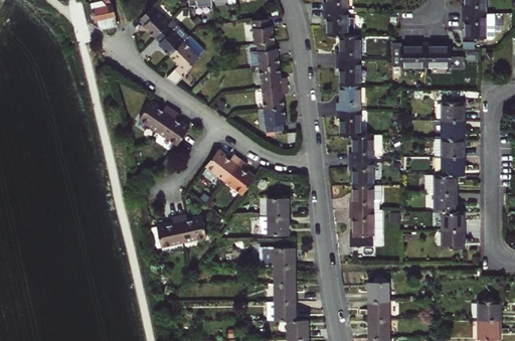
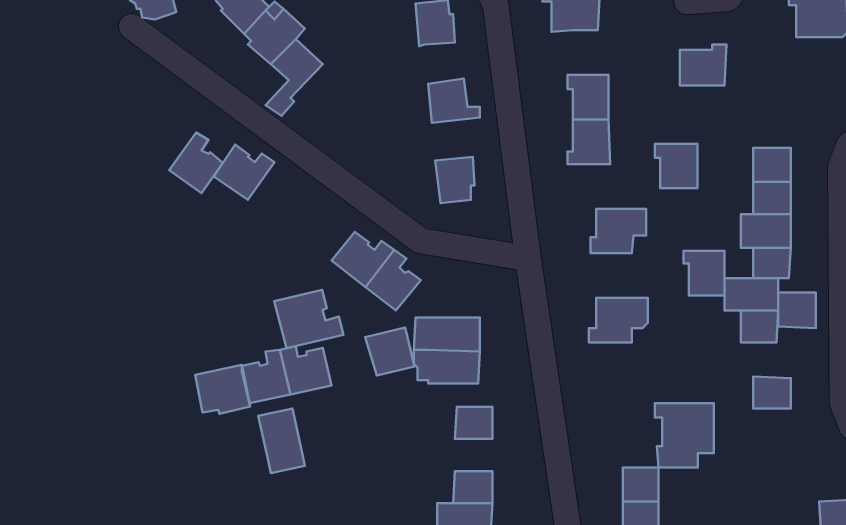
building: [337,35,360,60] -> none
building: [256,42,279,65] -> none
building: [425,43,452,66] -> none
building: [261,84,289,109] -> none
building: [157,110,187,144] -> [169,133,223,193]
building: [337,111,361,136] -> [655,144,698,188]
building: [350,161,373,186] -> [684,251,725,296]
building: none -> [274,290,343,348]
building: none -> [365,328,414,376]
building: [349,211,382,247] -> [655,403,714,468]
building: [442,211,463,231] -> [778,293,816,328]
building: none -> [195,365,250,414]
building: none -> [258,408,305,473]
building: [274,266,295,284] -> none

